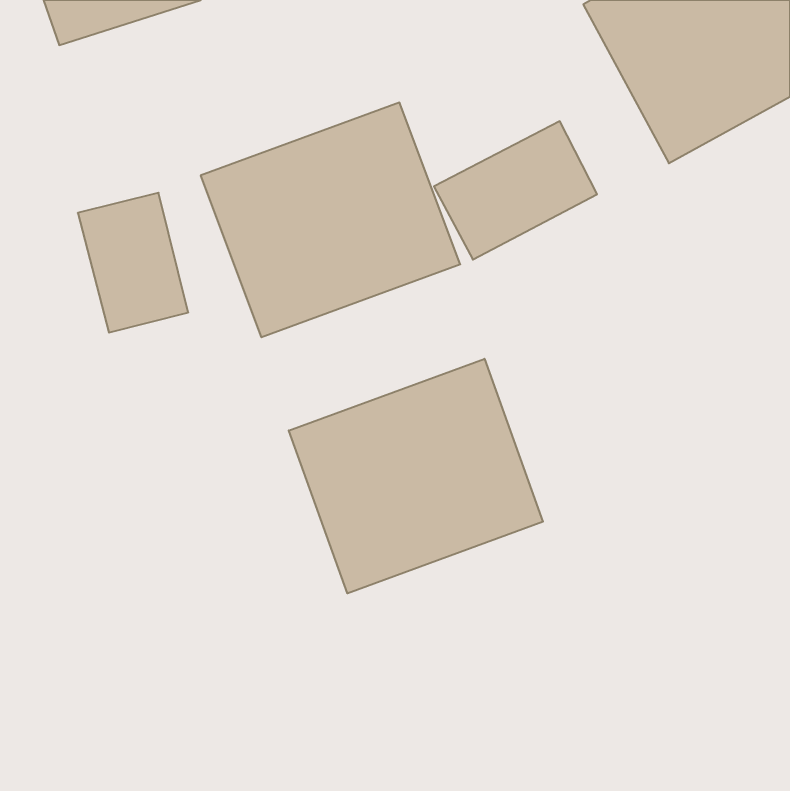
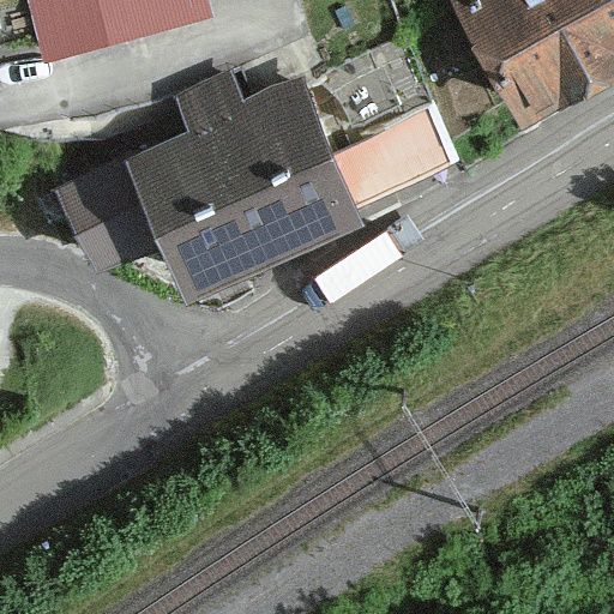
building: [289,359,543,593] -> none

